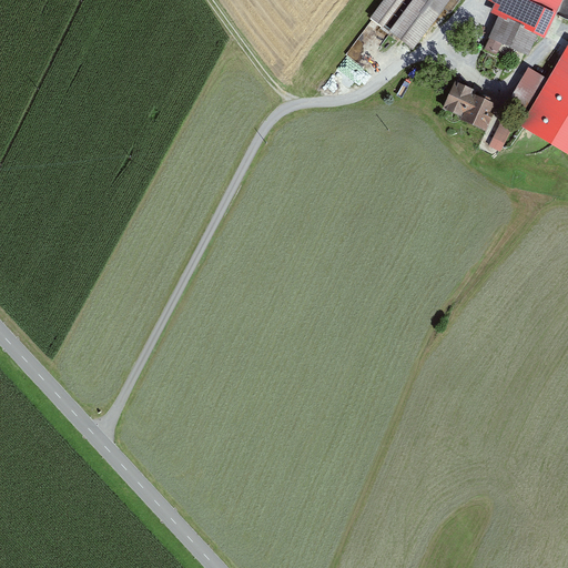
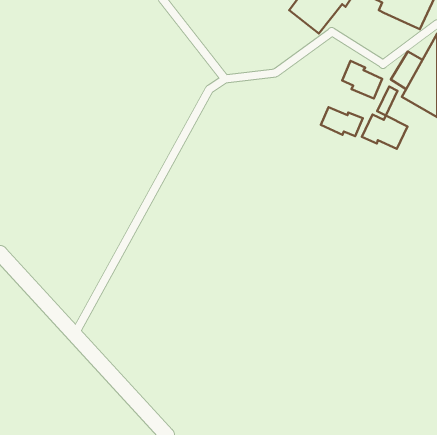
building: [485,17,537,55] -> none
building: none -> [321,107,363,136]
building: none -> [362,115,408,149]

